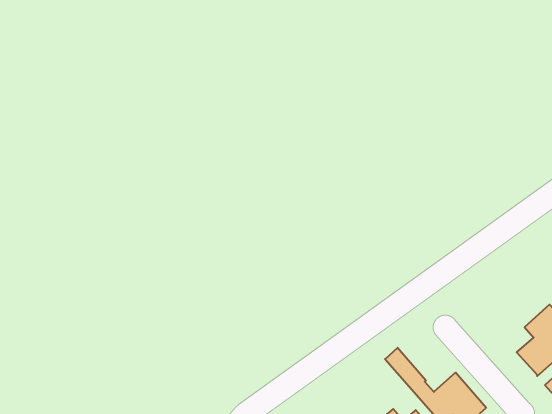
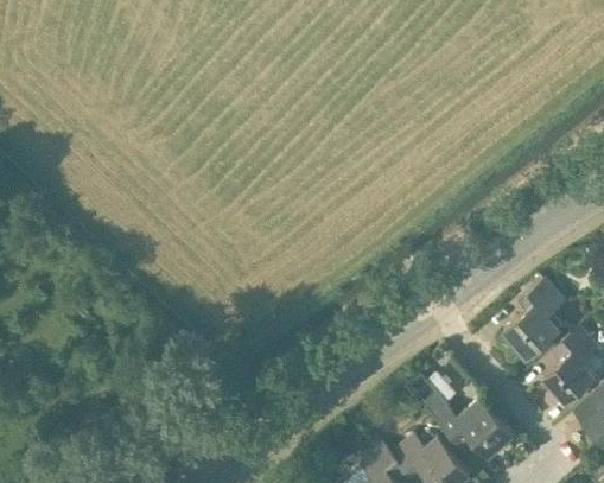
building: none -> [504,280,565,360]

